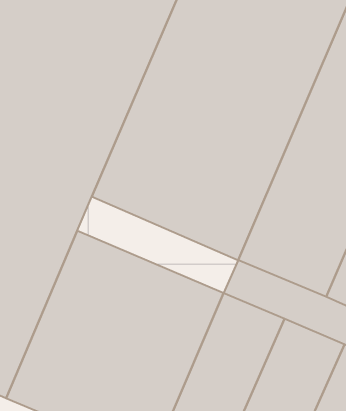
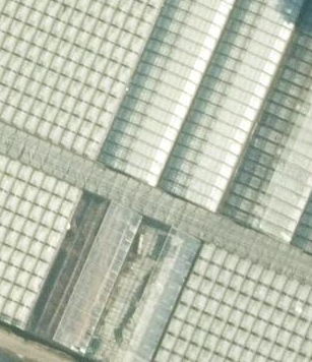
building: none -> [82,165,216,245]

